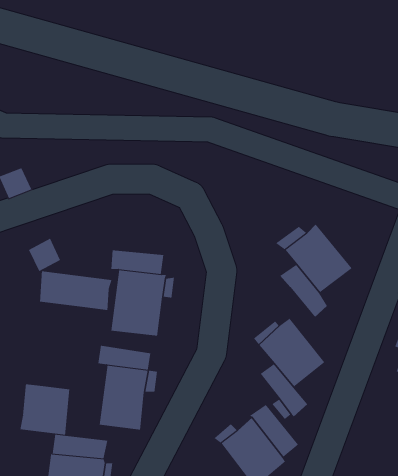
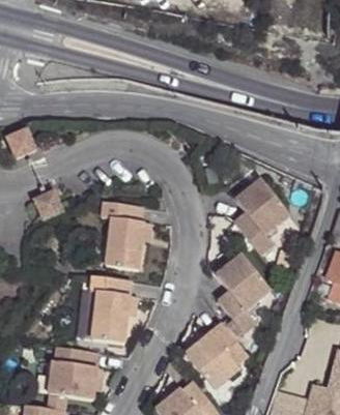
building: [39,270,112,311] -> none
building: [20,383,70,435] -> none

